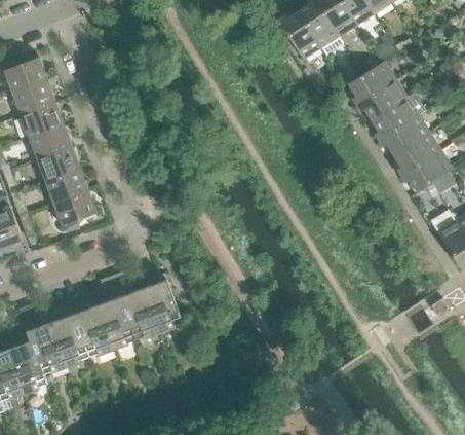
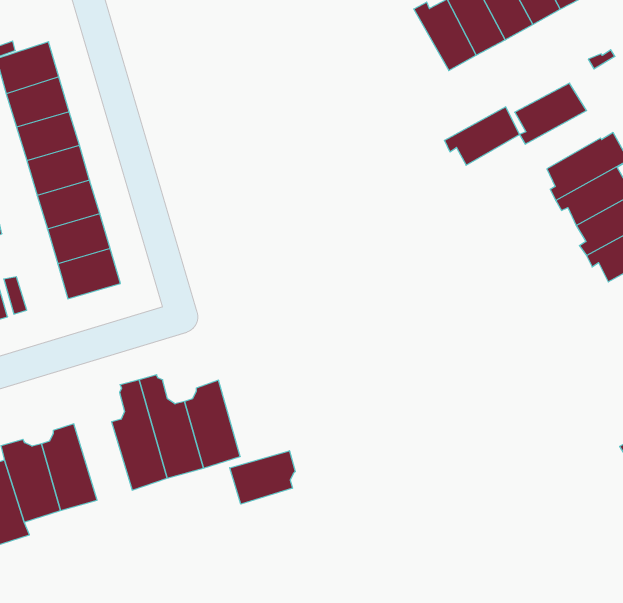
building: [356,80,405,120] -> [444,107,520,165]
building: [71,303,112,358] -> none
building: none -> [230,451,295,504]

